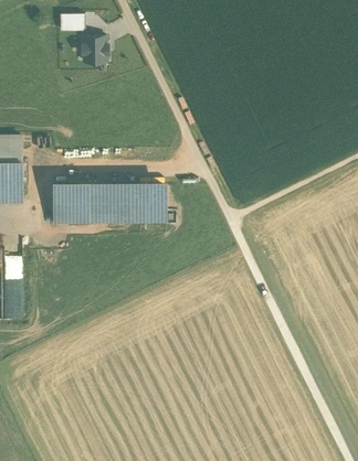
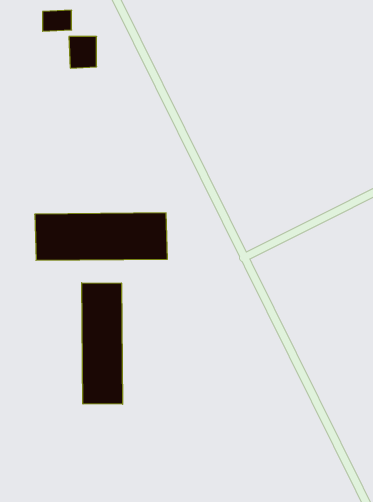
building: none -> [82,283,123,404]

